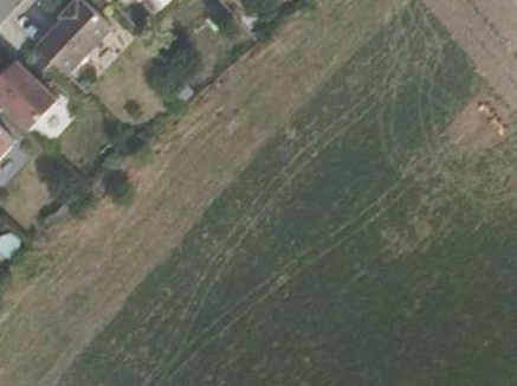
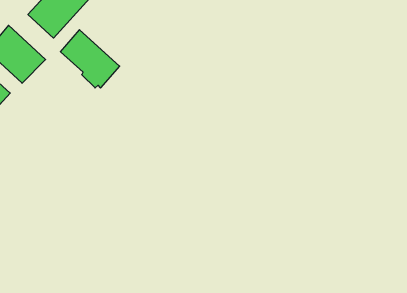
building: none -> [60,30,120,88]

